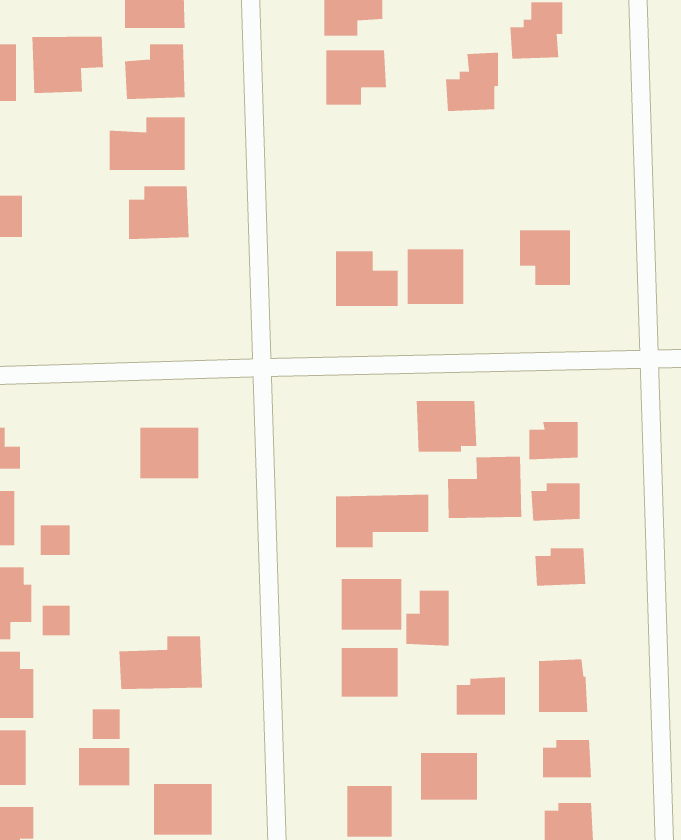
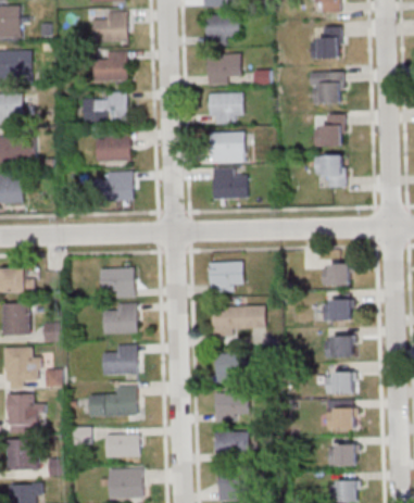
building: [32,36,103,94] -> none
building: [445,52,499,111] -> [313,71,343,104]
building: none -> [209,91,243,123]
building: none -> [314,114,346,147]
building: [407,249,464,304] -> [212,131,244,163]
building: none -> [98,171,133,201]
building: [416,400,477,452] -> [209,262,243,291]
building: [447,456,522,519] -> none
building: none -> [102,302,137,334]
building: none -> [102,344,137,376]
building: [406,590,449,646] -> none
building: [456,677,506,715] -> [326,372,354,393]
building: [78,747,130,786] -> [105,435,135,456]
building: [420,752,478,800] -> [215,431,248,458]

